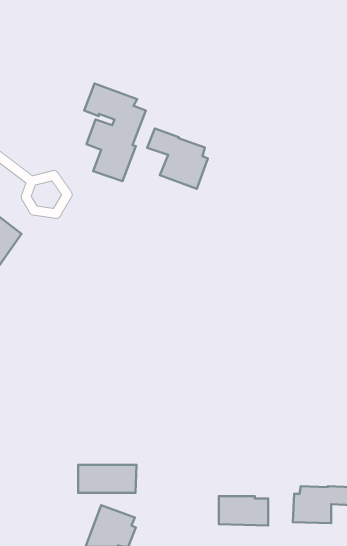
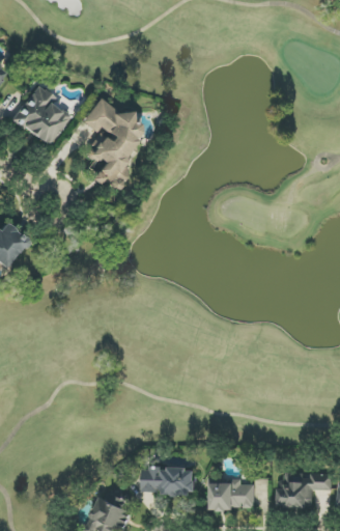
building: none -> [12,85,70,146]
building: [147,129,208,189] -> none
building: [78,465,137,493] -> [143,468,197,494]

